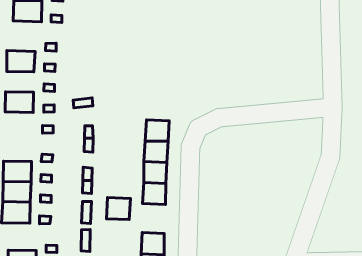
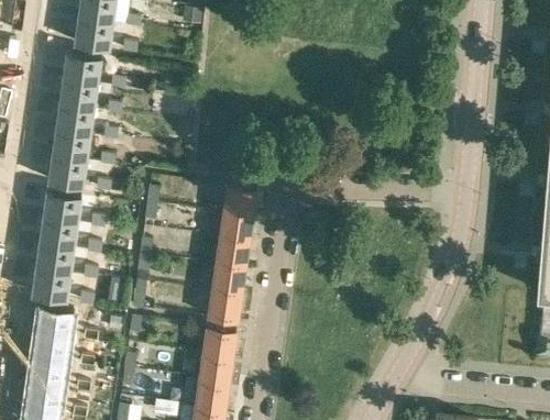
building: none -> [63,55,101,86]
building: none -> [55,107,94,136]
building: none -> [48,157,87,188]
building: none -> [43,192,81,223]
building: [106,198,130,220] -> [207,291,240,322]
building: none -> [36,305,75,335]

